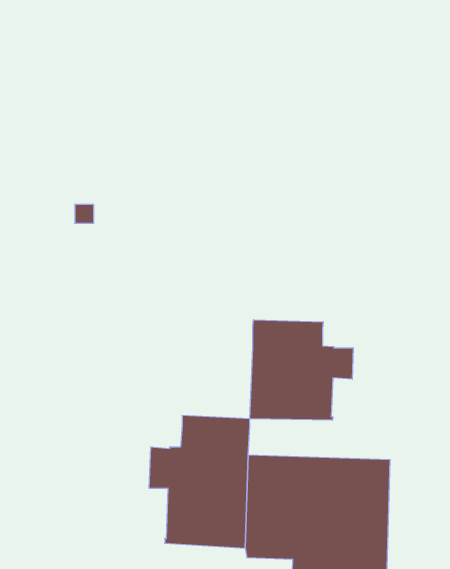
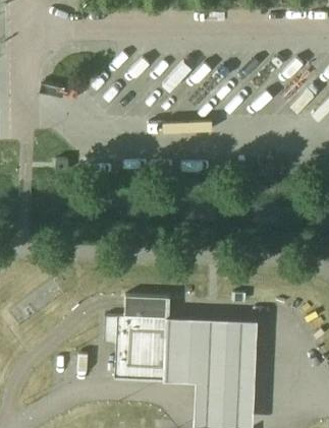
building: [250,320,353,420] -> none

